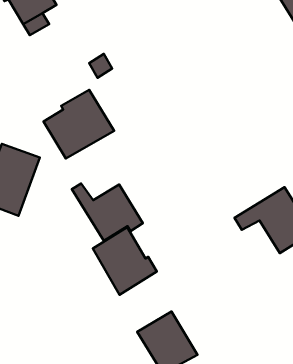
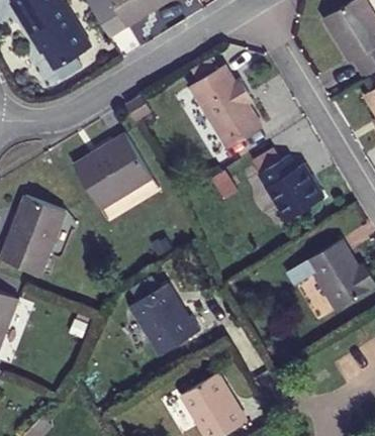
building: none -> [188,68,261,150]
building: none -> [255,159,321,224]
building: [72,183,143,241] -> none

